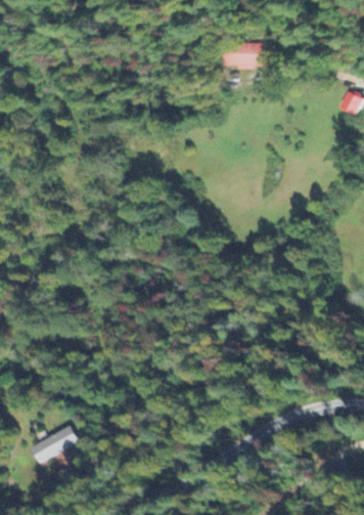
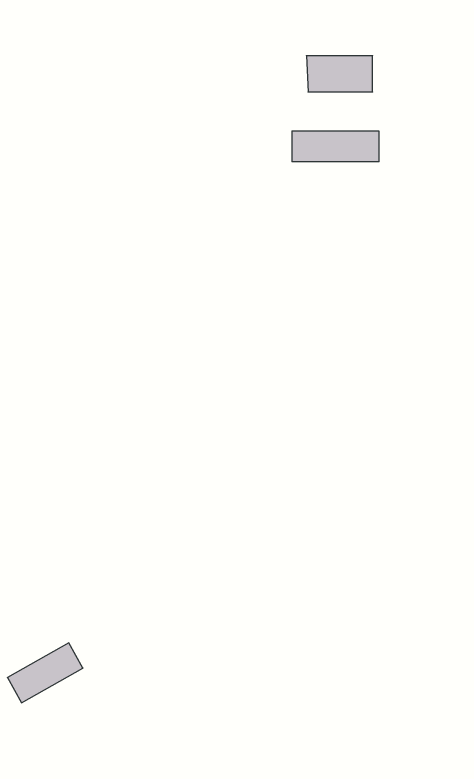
building: none -> [292,131,379,162]

